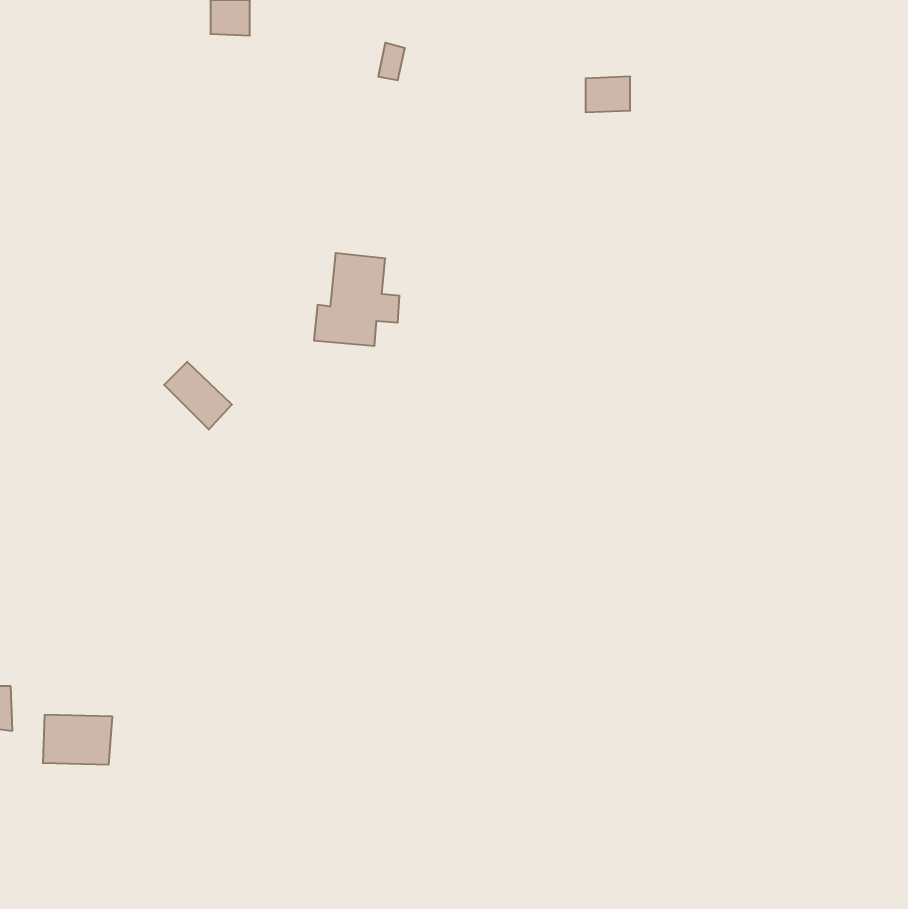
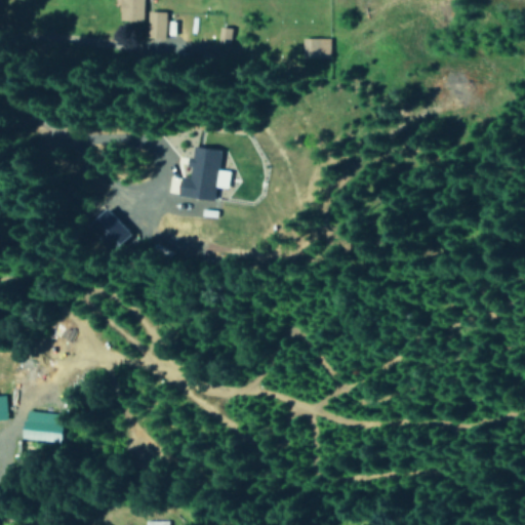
building: none -> [146,11,166,39]
building: [586,77,630,112] -> [304,38,329,58]

